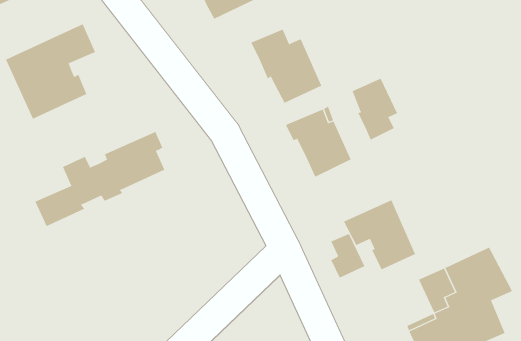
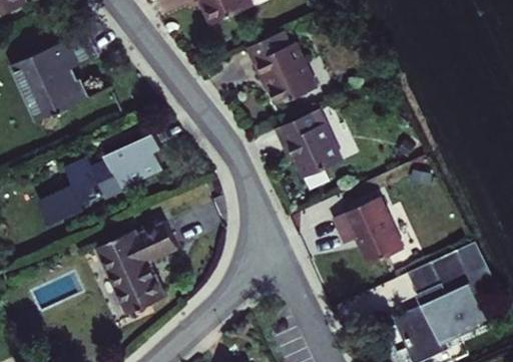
building: [352,78,398,141] -> none
building: none -> [100,222,178,313]
building: [330,233,365,278] -> none

